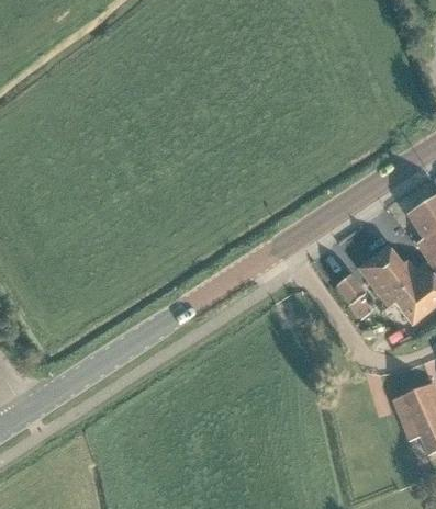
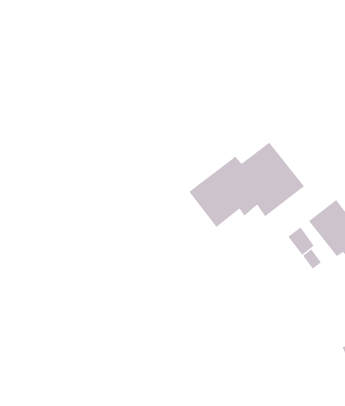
building: none -> [188,142,305,228]

